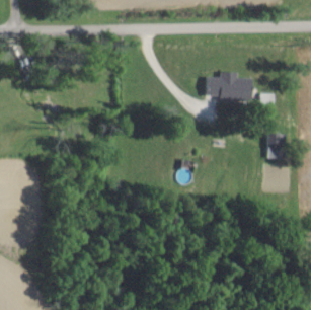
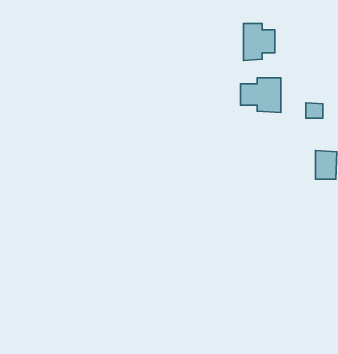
building: none -> [244,24,275,60]

